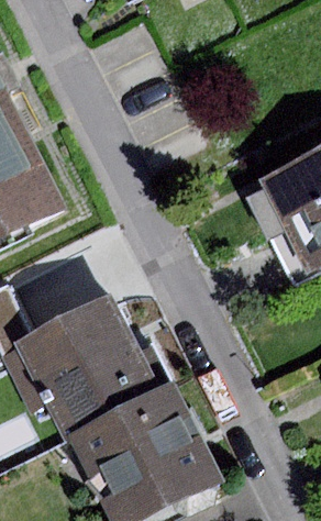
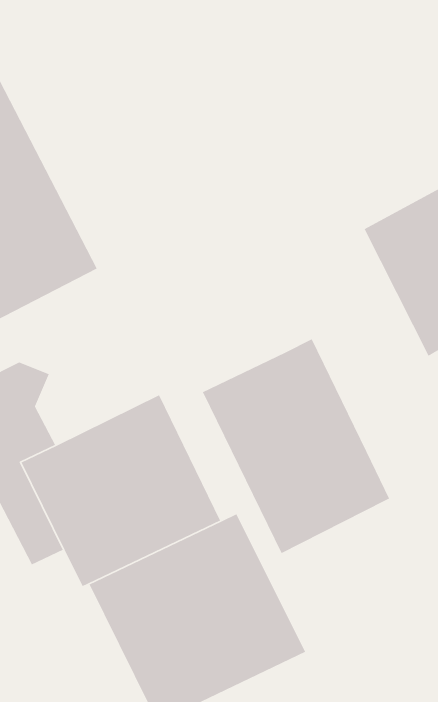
building: none -> [202,338,390,554]

